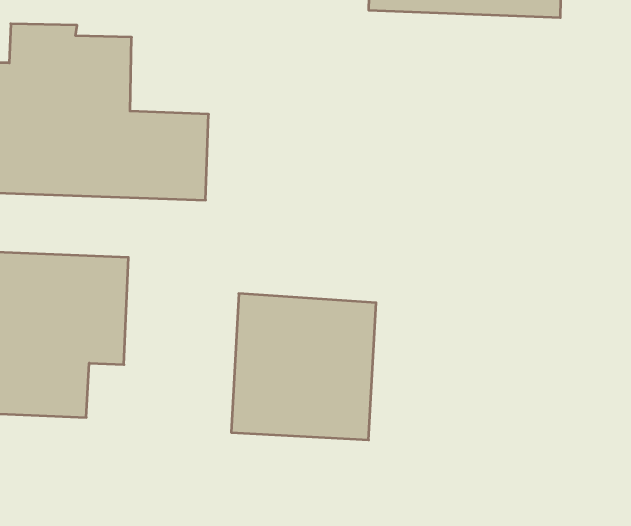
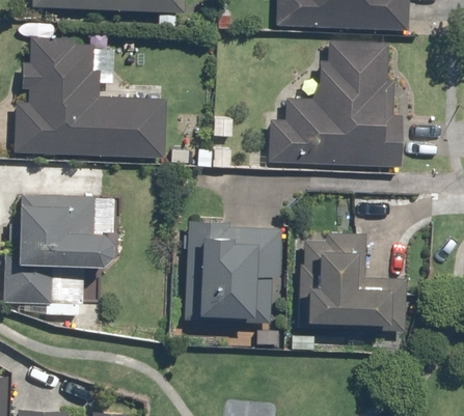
building: none -> [269,40,404,167]
building: none -> [298,232,411,332]

